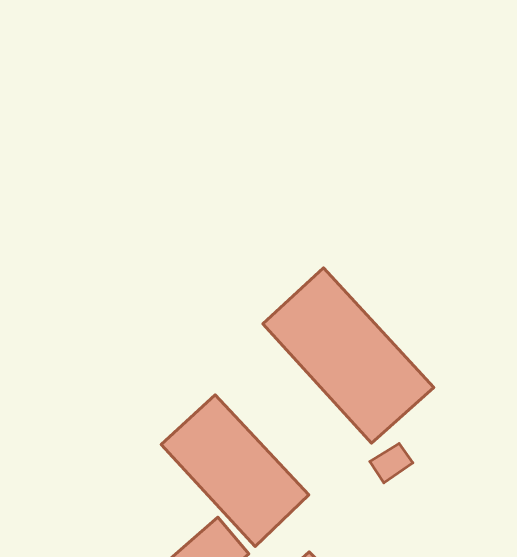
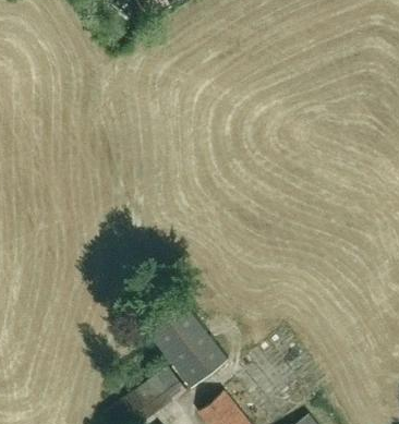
building: [263,268,434,443] -> none

